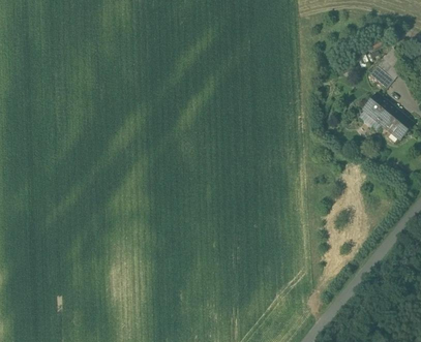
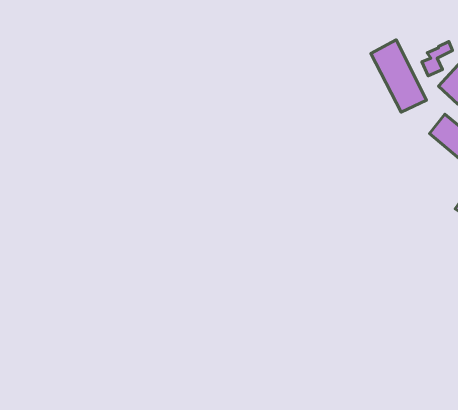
building: none -> [371,40,426,112]

